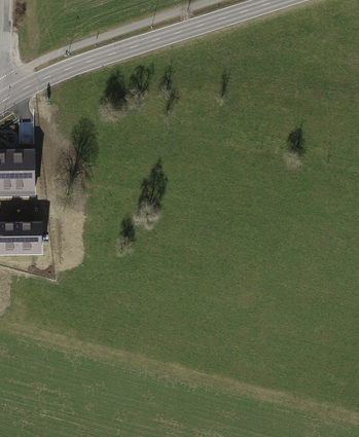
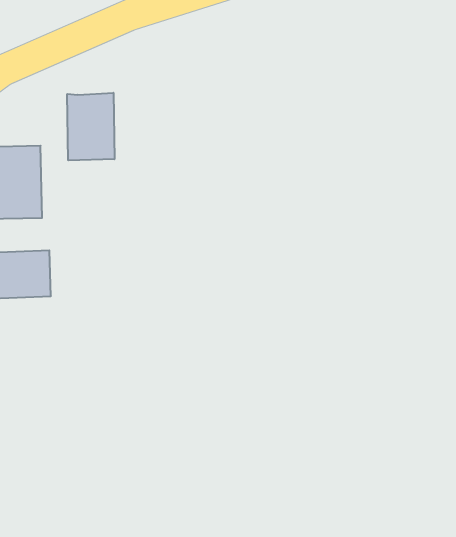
building: none -> [67,93,114,160]

